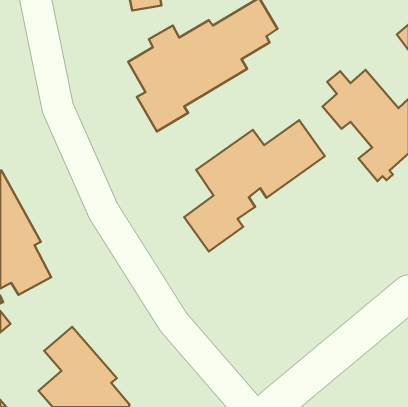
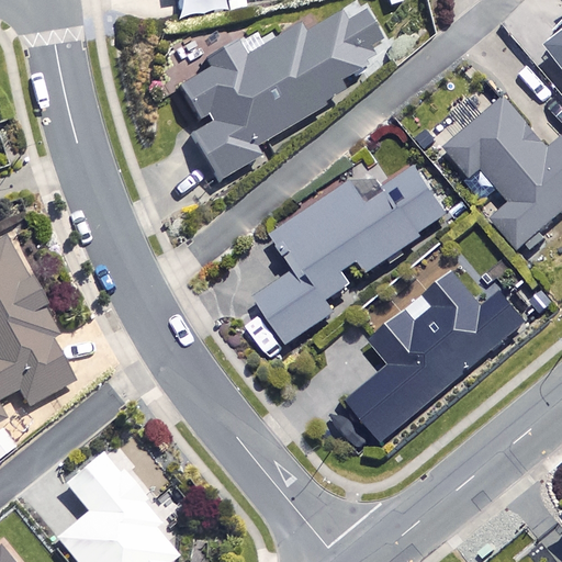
building: none -> [347,270,526,442]

